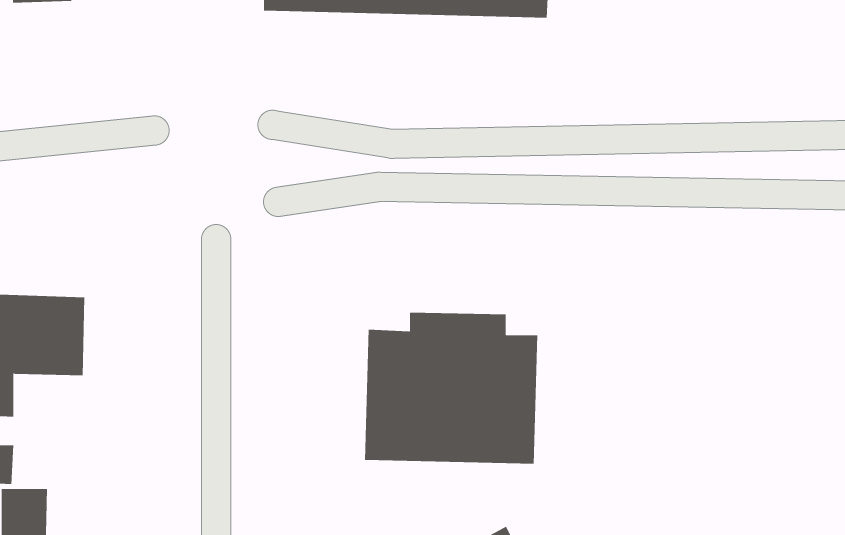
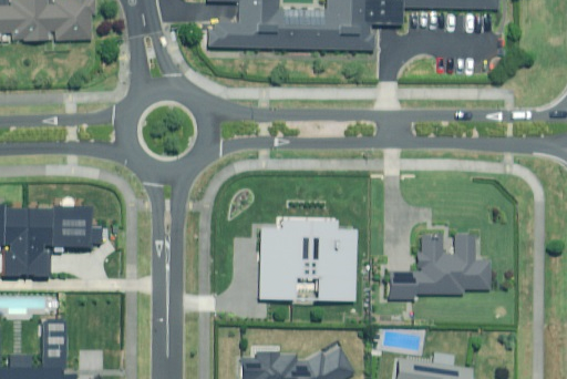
building: none -> [392,238,495,305]

